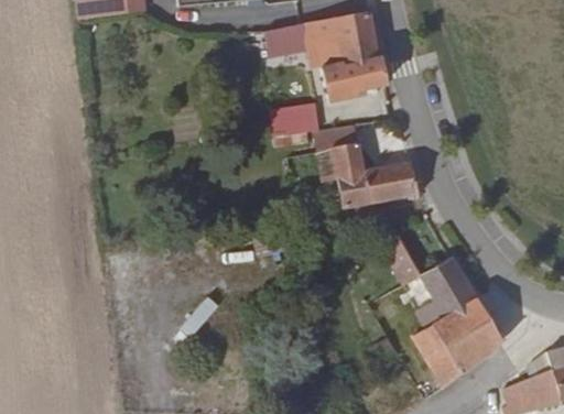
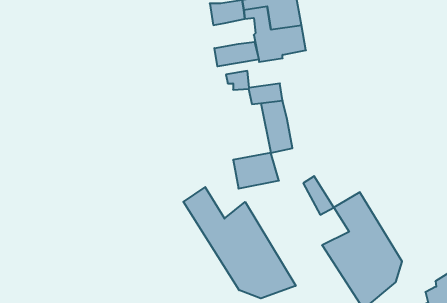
building: none -> [214,42,259,66]
building: [361,160,417,204] -> [233,153,279,189]
building: none -> [183,187,296,298]

